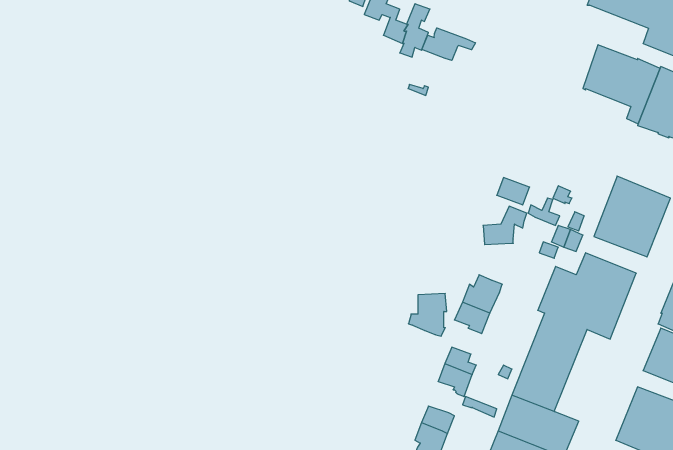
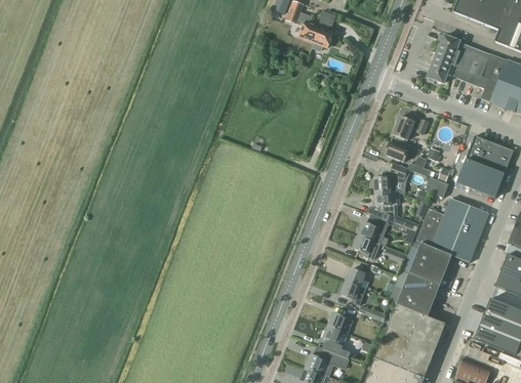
building: [422,28,475,60] -> none
building: none -> [428,35,462,83]
building: none -> [393,114,429,141]
building: [408,294,447,336] -> [368,190,397,222]

